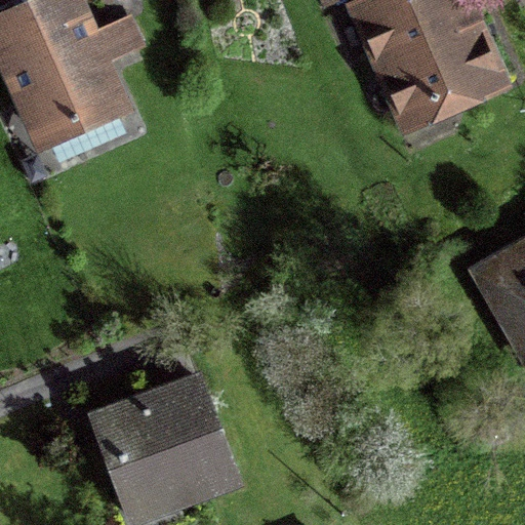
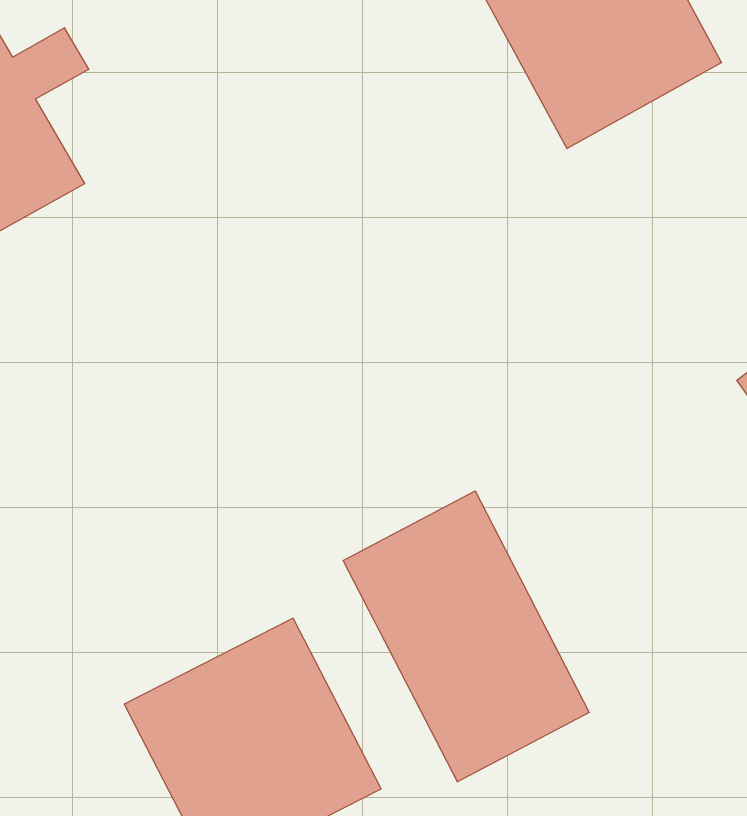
building: none -> [343,491,589,782]

